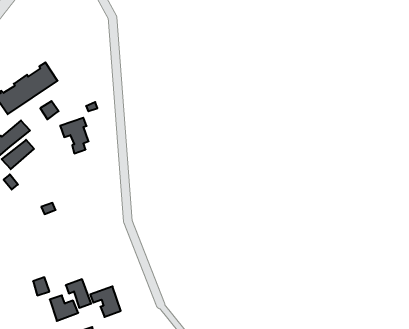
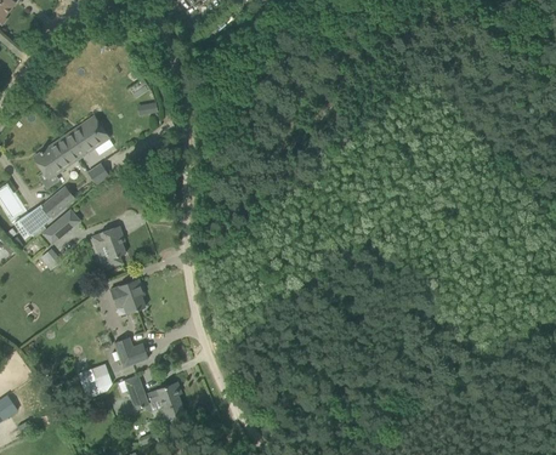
building: [60,118,89,153] -> [91,226,125,268]
building: none -> [109,279,144,314]
building: [50,295,78,321] -> [114,337,148,368]

